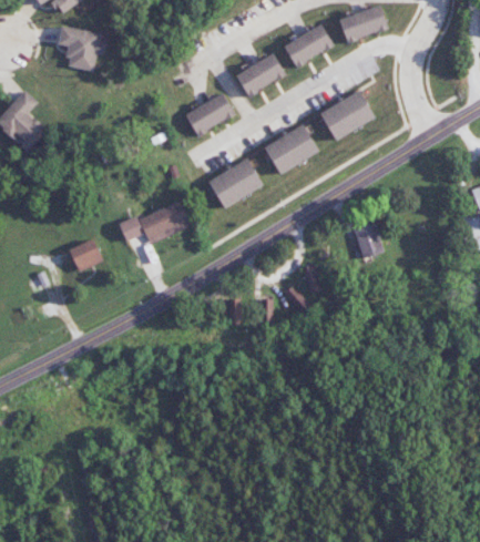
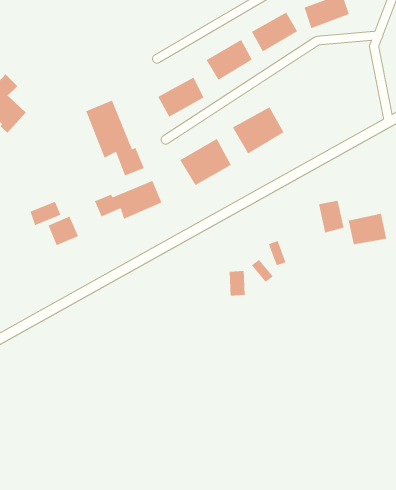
building: [58,27,103,71] -> none
building: [319,91,375,141] -> none
building: none -> [85,99,145,176]
building: none -> [29,201,61,226]
building: none -> [348,213,387,245]

